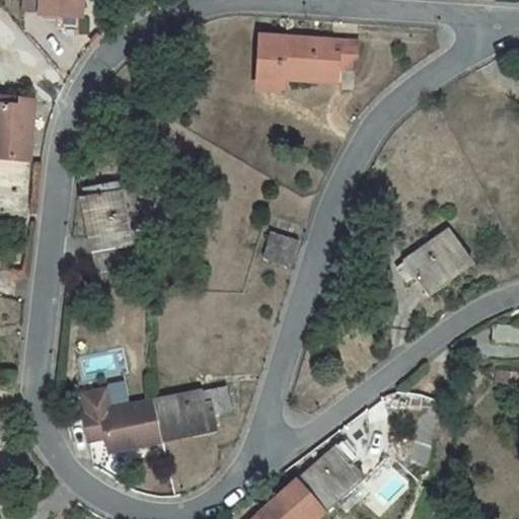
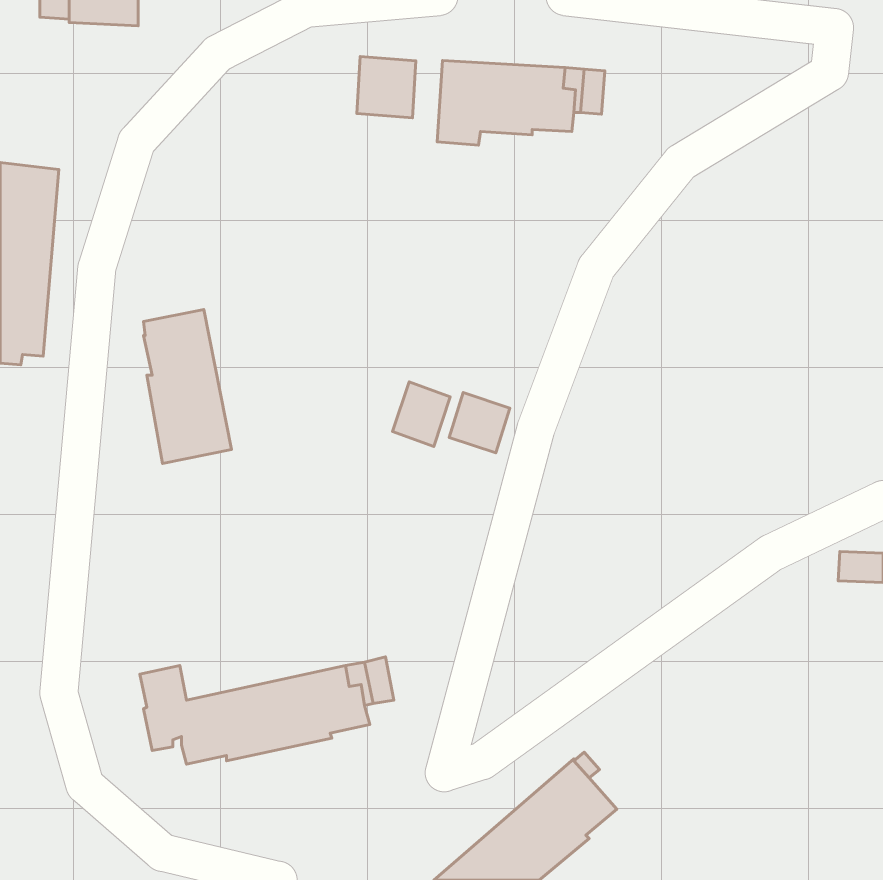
building: none -> [357,56,416,118]
building: none -> [392,382,450,447]
building: [396,229,473,292] -> none

